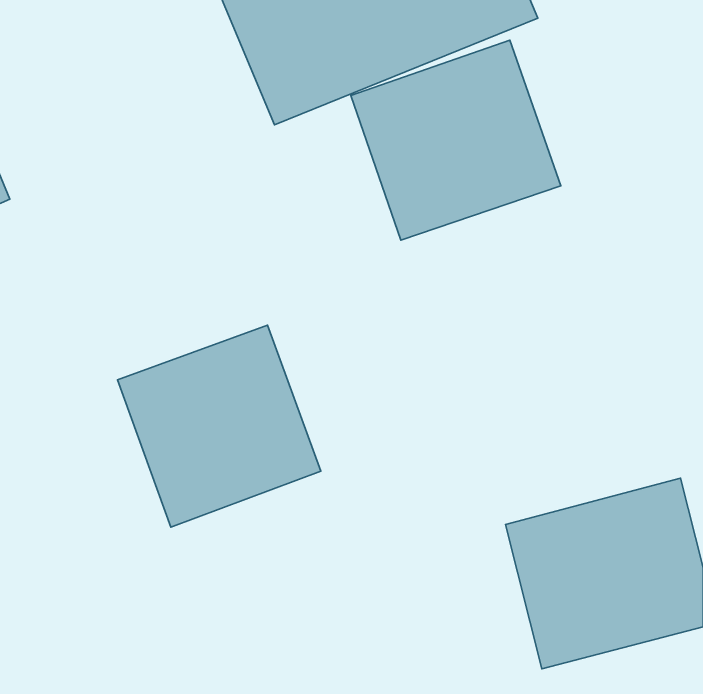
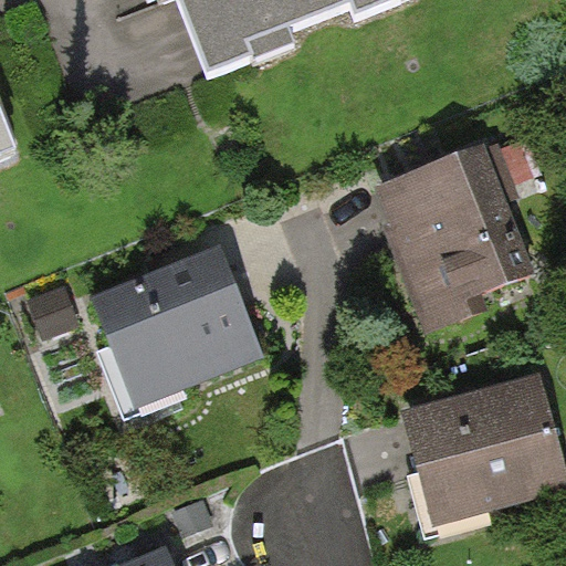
building: [351,40,561,240] -> none
building: none -> [374,151,527,328]

